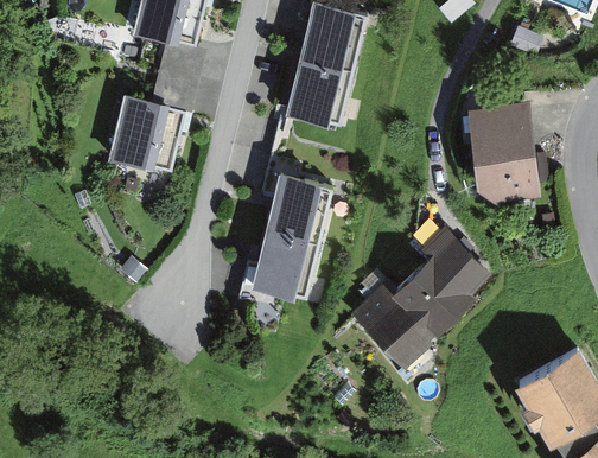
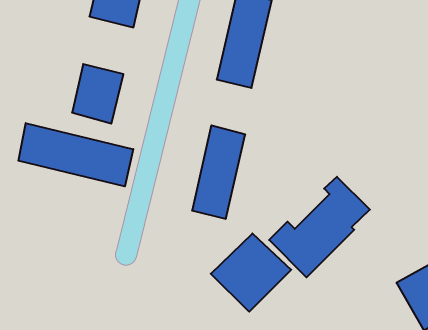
building: [472,104,542,204] -> none
building: none -> [18,123,133,186]
building: none -> [211,233,291,312]

